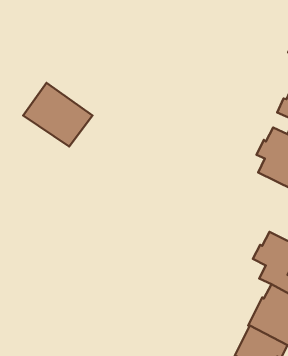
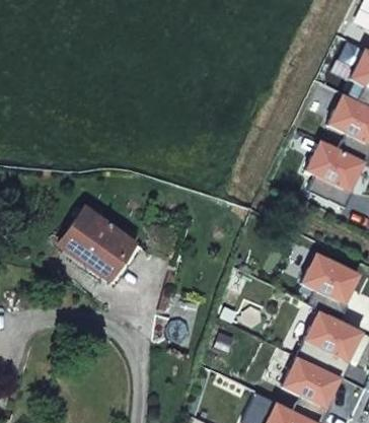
building: [23,83,92,147] -> [59,207,134,276]

